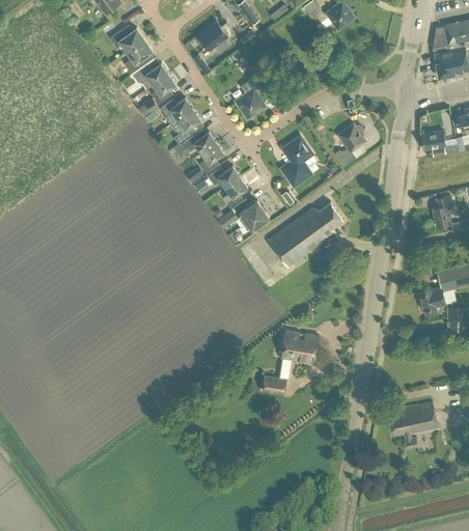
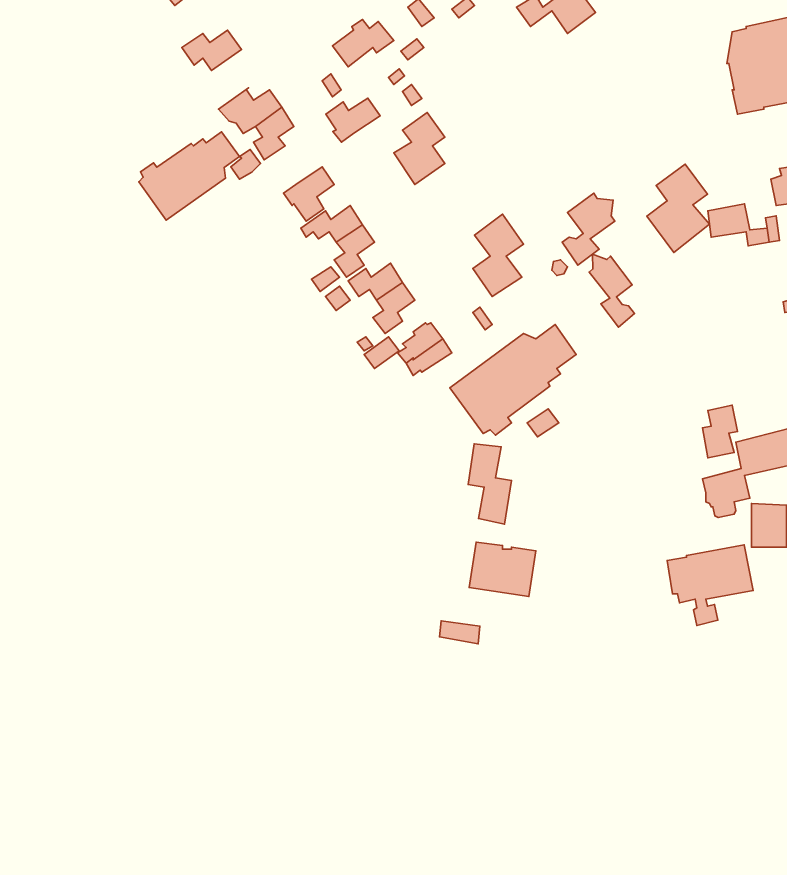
building: [125,38,153,73] -> none
building: none -> [139,132,240,220]
building: [160,97,192,123] -> [326,98,380,142]
building: none -> [647,164,710,252]
building: none -> [589,254,634,327]
building: [432,195,452,226] -> [702,405,738,458]
building: none -> [468,444,511,524]
building: [387,401,438,449] -> [667,545,753,626]

